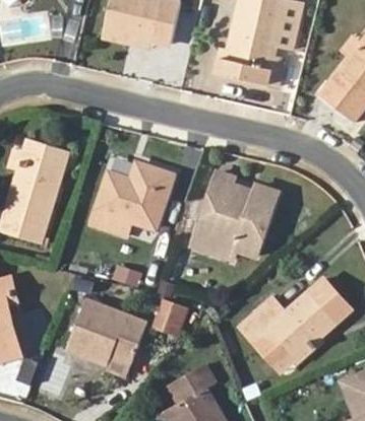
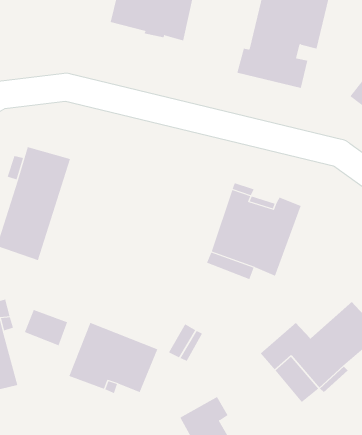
building: [93,162,173,234] -> none
building: none -> [24,309,68,346]

